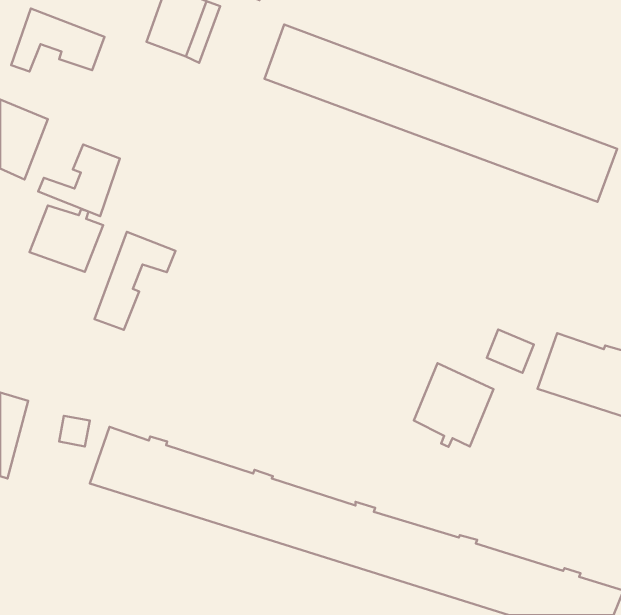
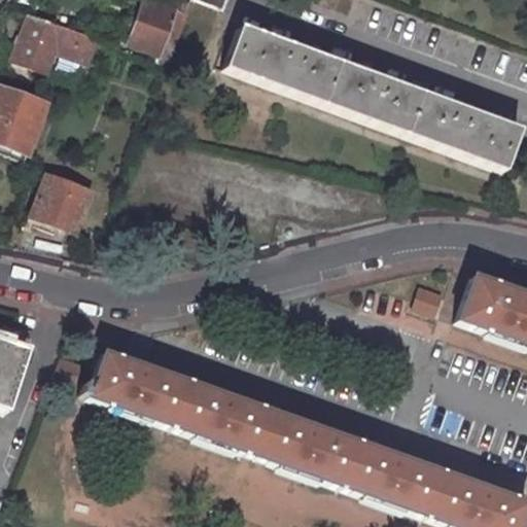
building: [38,144,120,216] -> none
building: [95,232,176,330] -> none
building: [414,363,494,447] -> none

